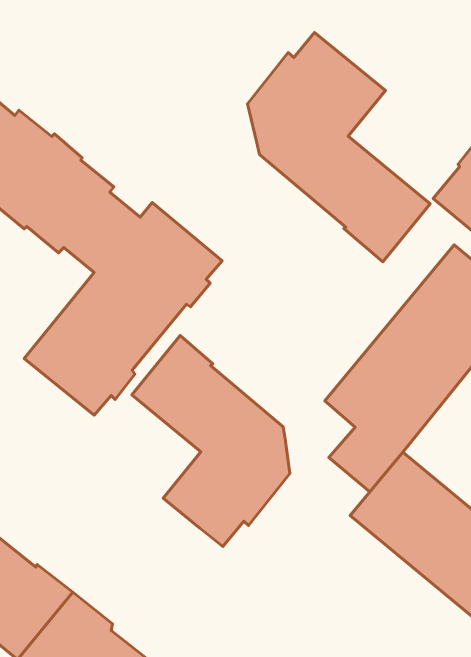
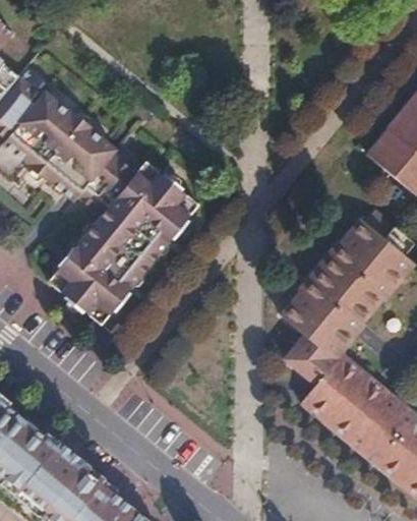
building: [248,33,430,262] -> none
building: [132,336,290,547] -> none

